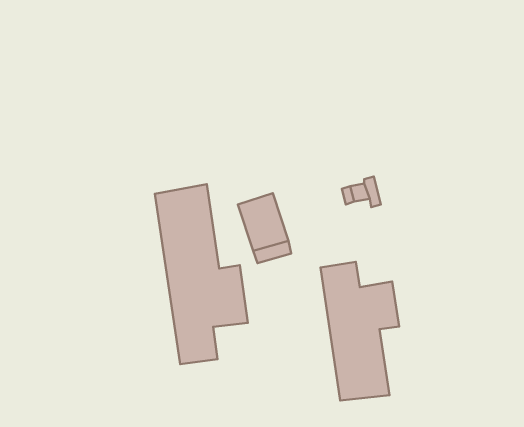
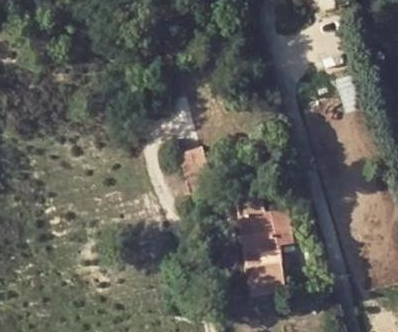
building: [155,184,248,364] -> none

